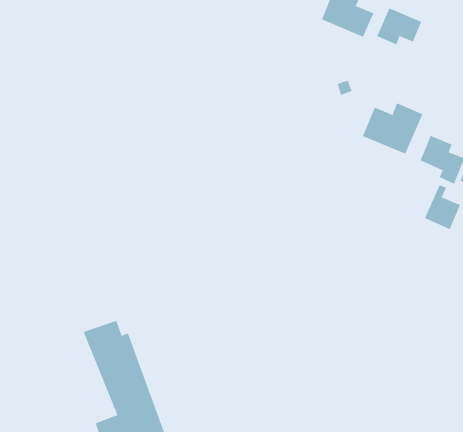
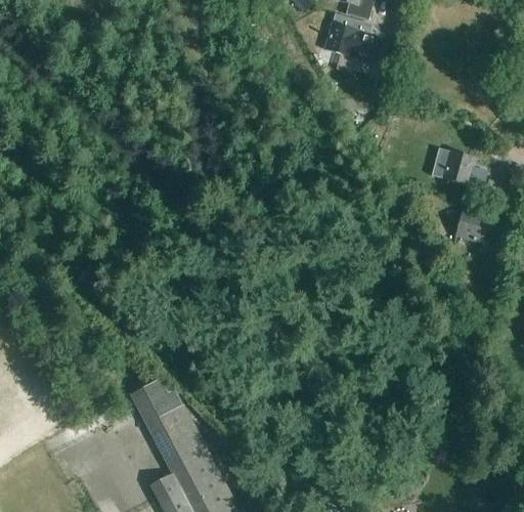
building: [376,8,422,45] -> none
building: [362,102,423,155] -> none

